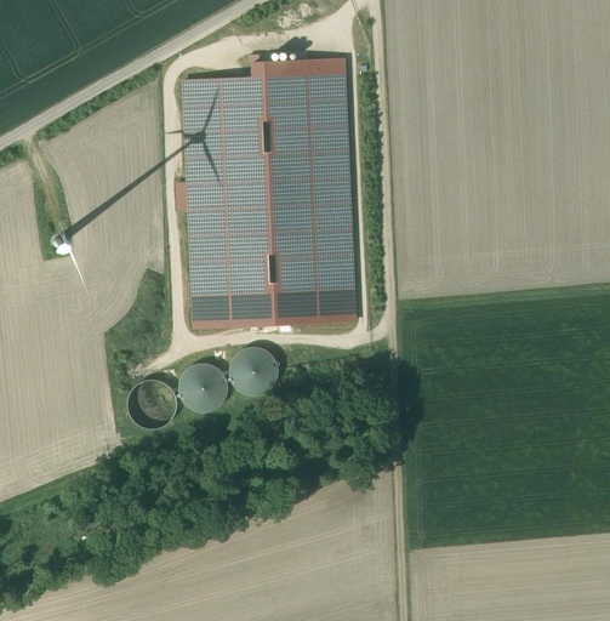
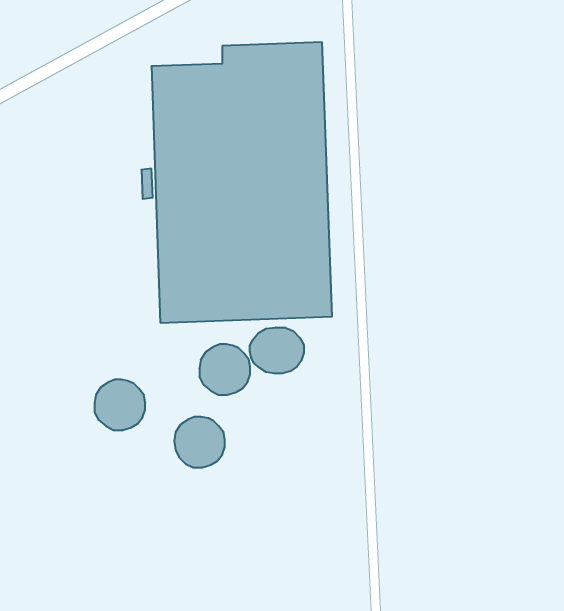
building: none -> [250,327,304,373]
building: [177,364,226,412] -> [174,417,225,467]

